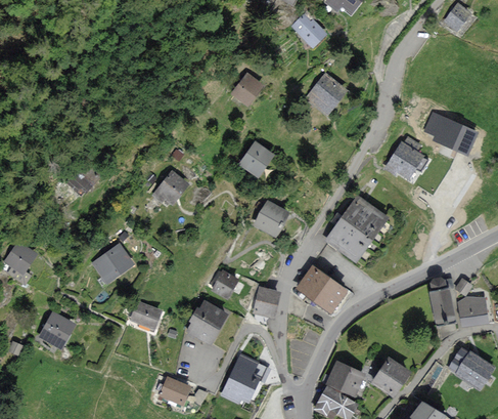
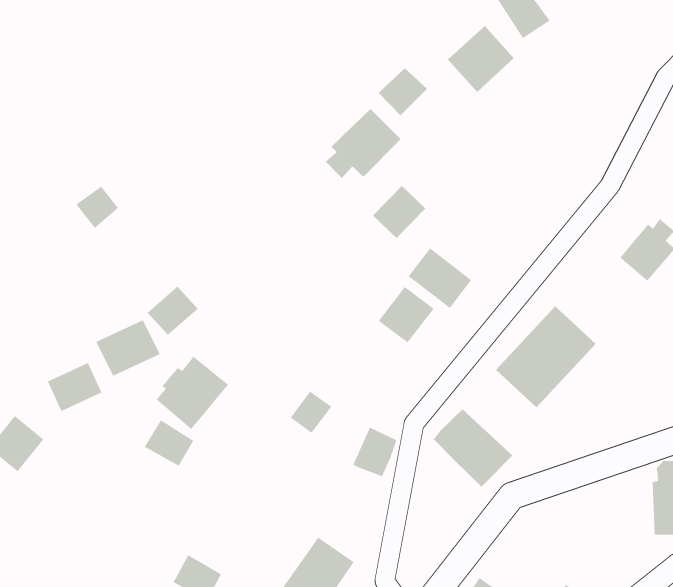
building: [307,75,346,115] -> [447,25,515,93]
building: none -> [325,108,402,179]
building: [156,174,186,204] -> [147,286,199,336]
building: none -> [408,247,472,309]
building: none -> [47,362,102,412]
building: [187,301,228,344] -> [156,356,229,430]

